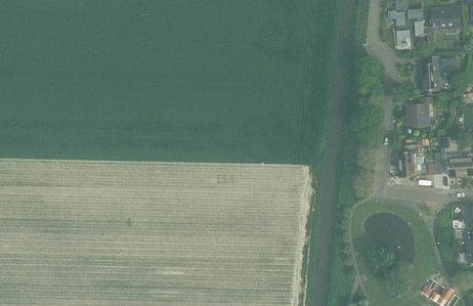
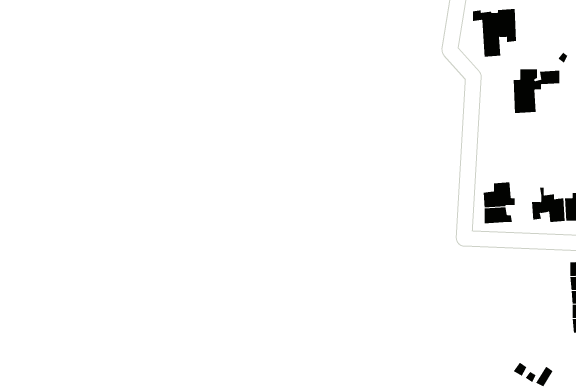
building: [433,6,462,28] -> none
building: [406,95,434,124] -> none

